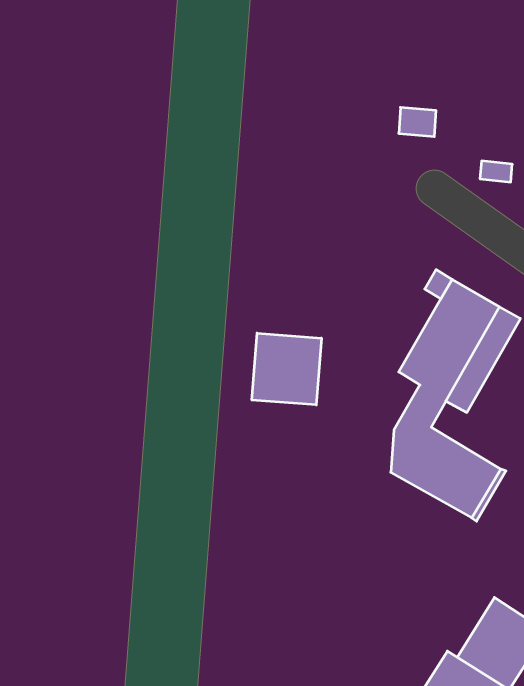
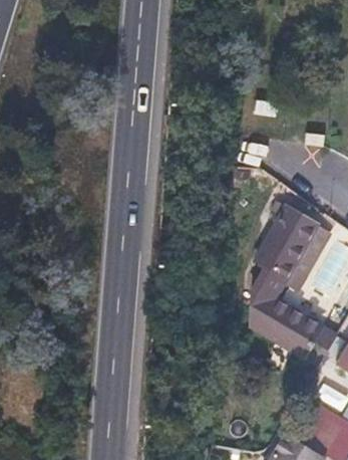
building: [252,333,321,405] -> none

